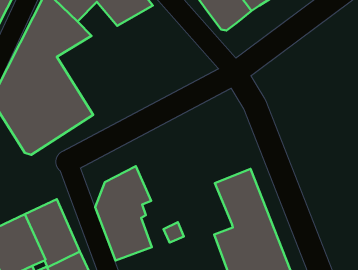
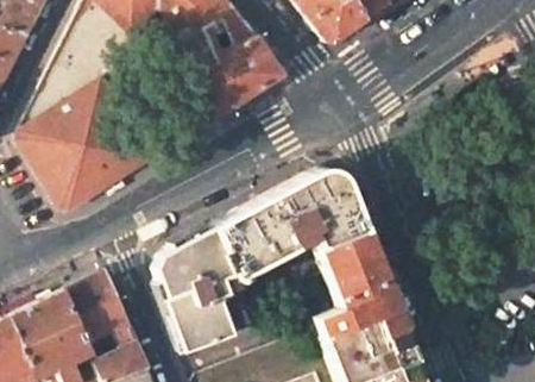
building: none -> [172,11,284,120]
building: none -> [212,170,365,278]

